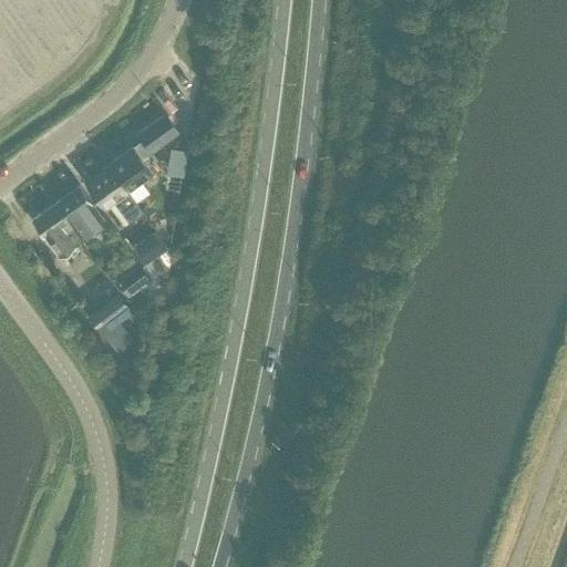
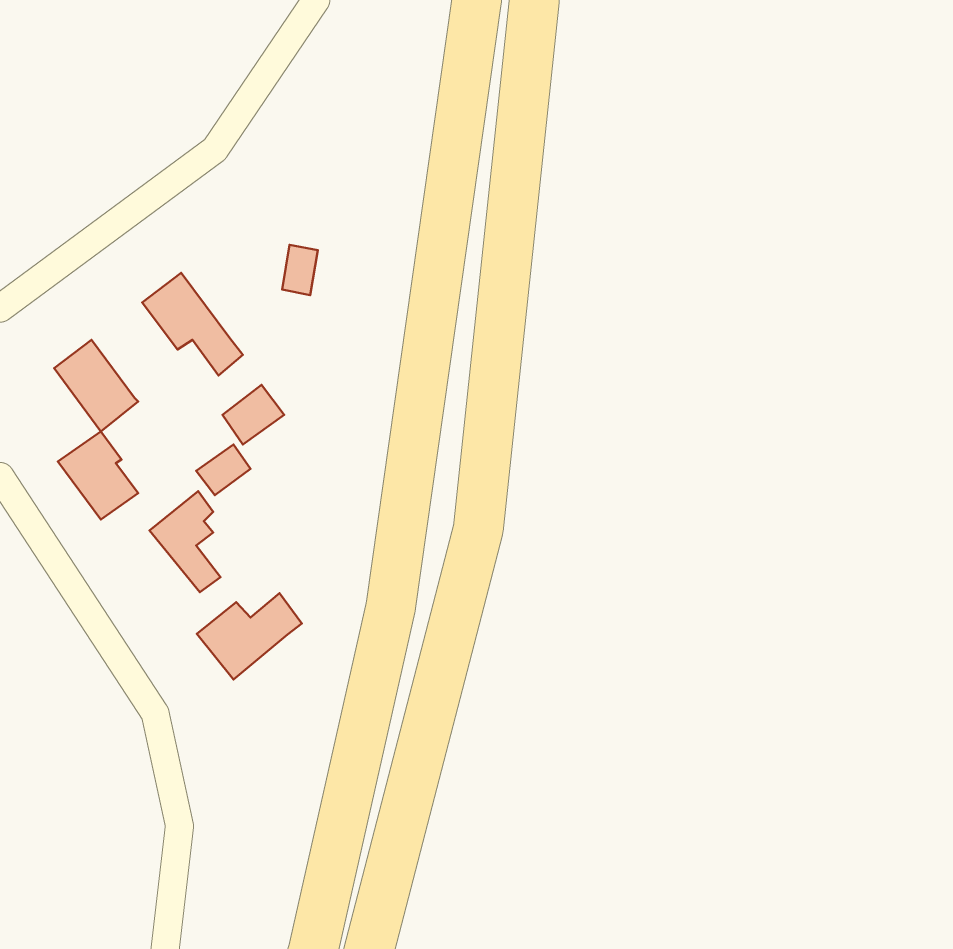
building: [109,115,177,204] -> none
building: [55,187,103,239] -> [58,432,138,519]
building: none -> [197,593,302,680]

